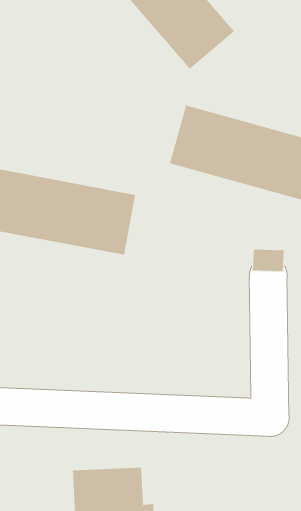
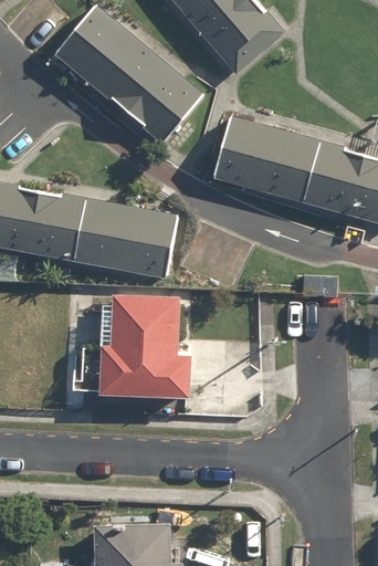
building: none -> [52,6,203,146]
building: none -> [93,295,187,402]

